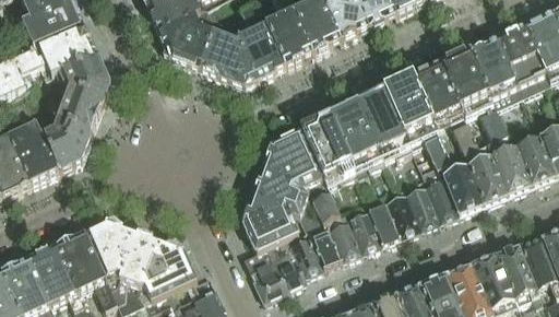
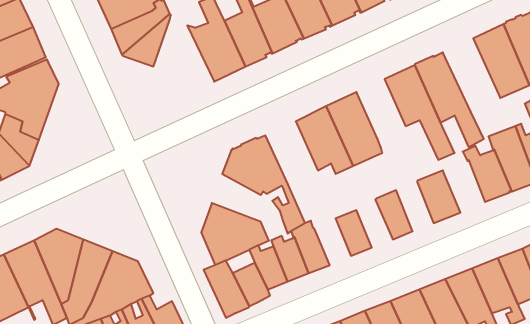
building: [198,23,254,85] -> none
building: [468,40,522,109] -> none
building: [388,79,453,176] -> none
building: [302,117,356,180] -> none
building: [468,154,508,203] -> none
building: [252,167,323,230] -> none
building: [425,175,460,221] -> none
building: [384,186,421,236] -> none
building: [347,209,382,253] -> none

